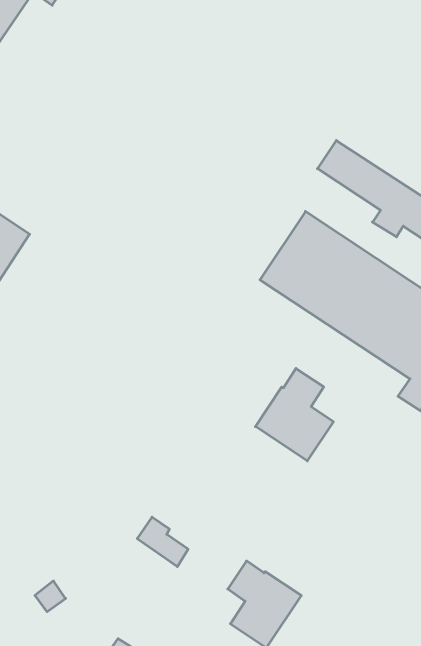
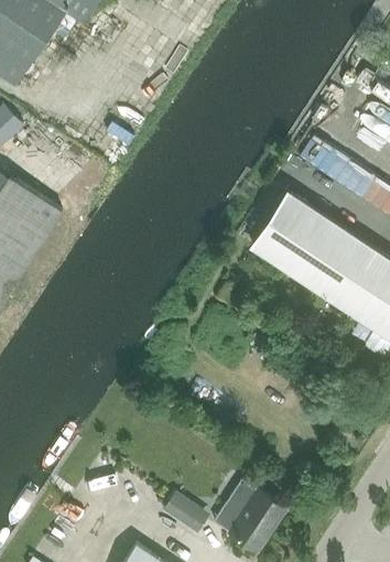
building: [255,368,333,461] -> none
building: [137,517,188,567] -> [163,493,205,533]

